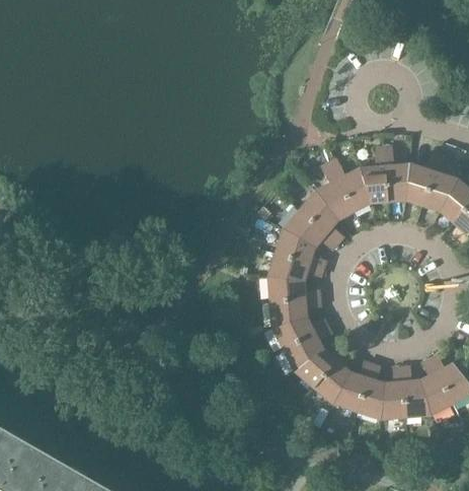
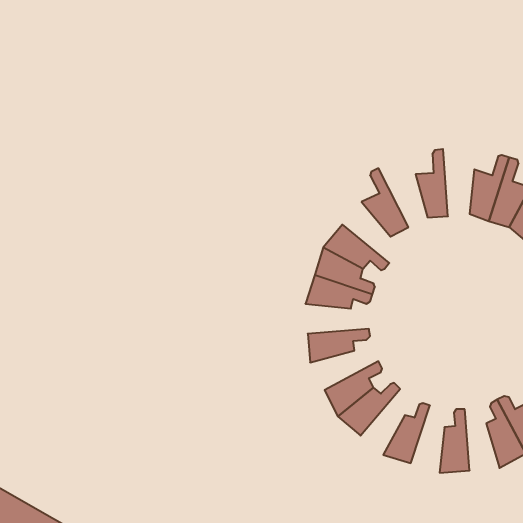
building: [384,146,410,203] -> none
building: [329,159,371,212] -> none
building: [299,191,343,242] -> none
building: [267,277,321,302] -> none
building: [271,317,329,350] -> none
building: [314,349,353,405] -> none
building: [357,363,385,420] -> none
building: [402,365,432,418] -> none

